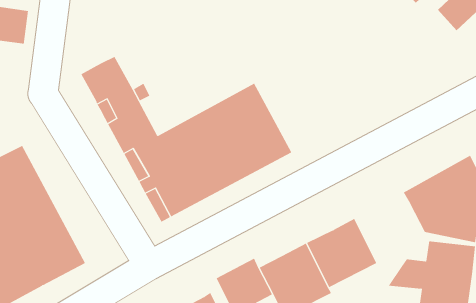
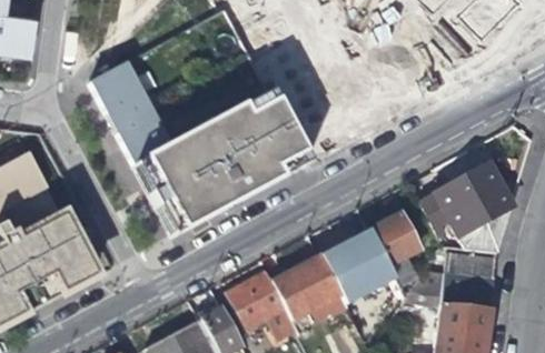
building: none -> [370,214,418,299]

